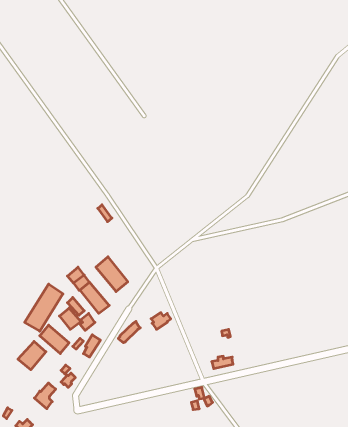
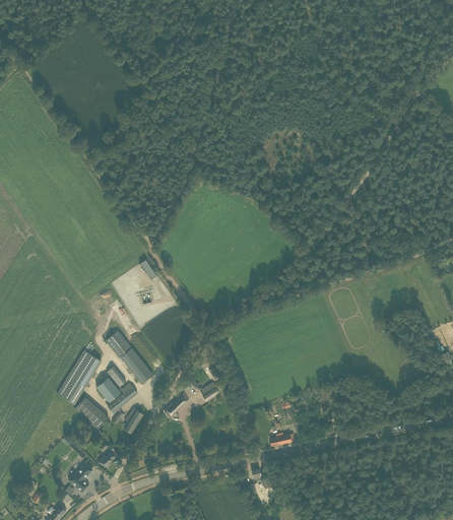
building: [96,257,128,292] -> none
building: [18,341,46,370] -> none

